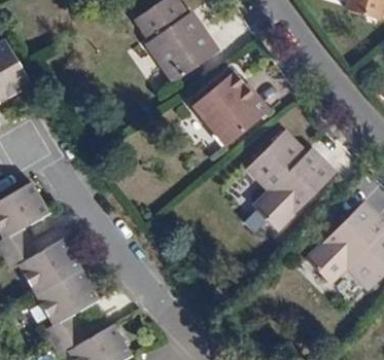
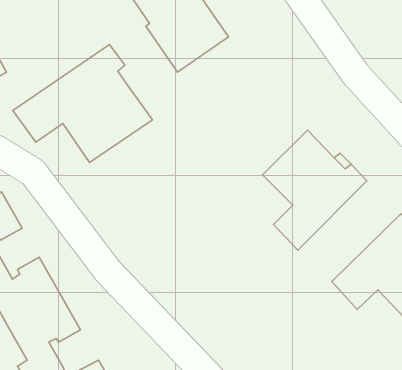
building: none -> [13,45,152,163]
building: [195,71,269,145] -> none

